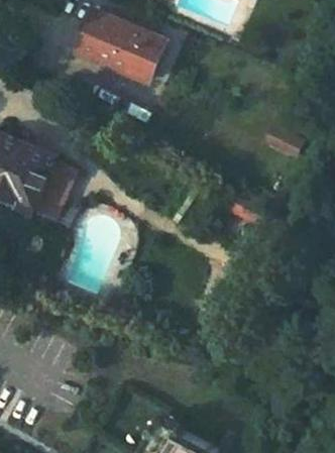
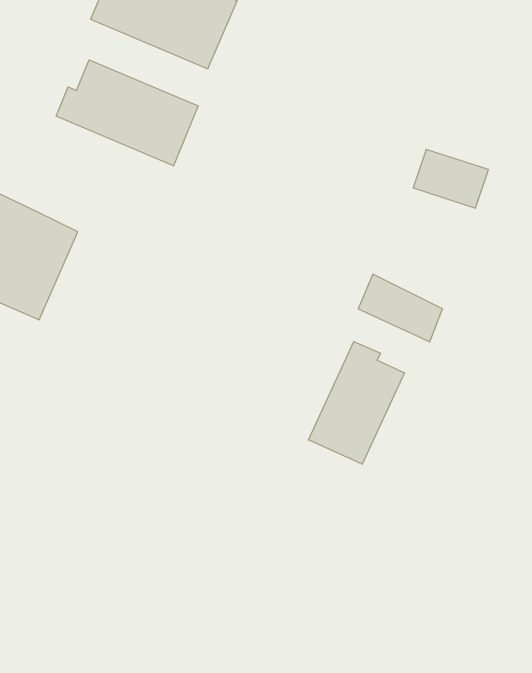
building: none -> [56,60,198,166]
building: none -> [308,341,404,464]

